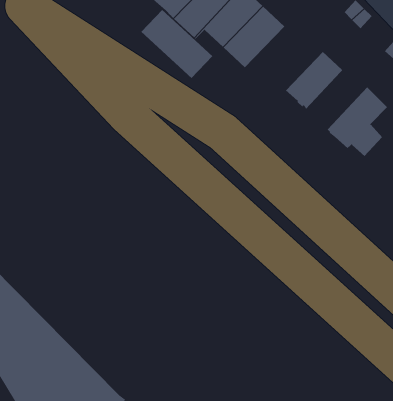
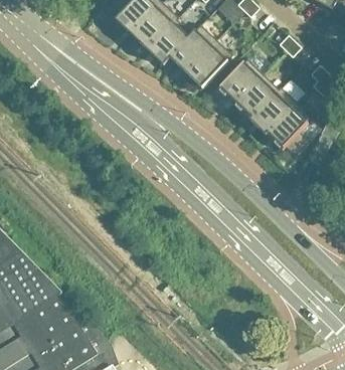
building: [140,9,213,79] -> none
building: none -> [219,59,265,106]
building: none -> [251,87,299,136]

